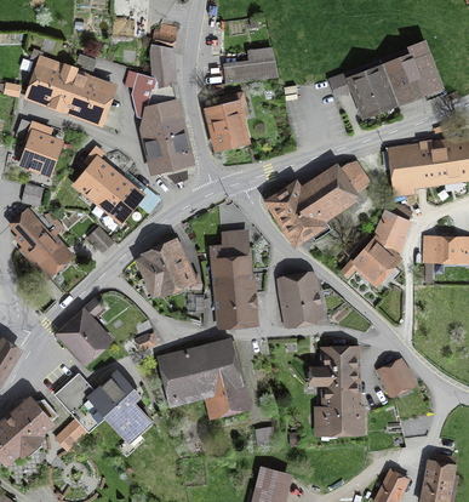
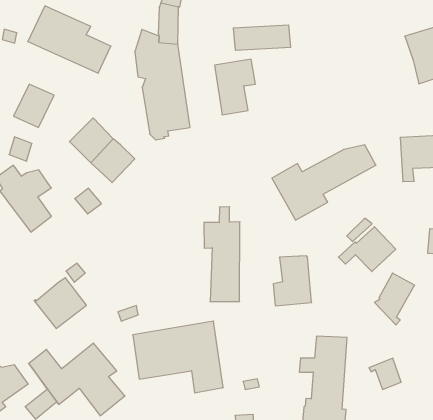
building: [328,58,395,112] -> none
building: [372,211,408,259] -> [375,273,415,325]
building: [138,244,201,295] -> none

